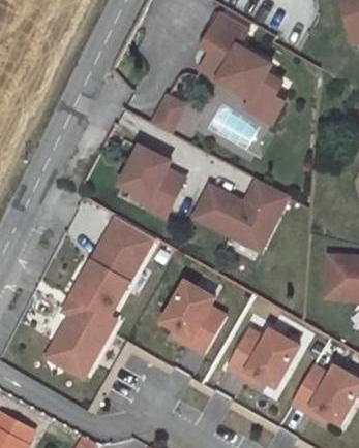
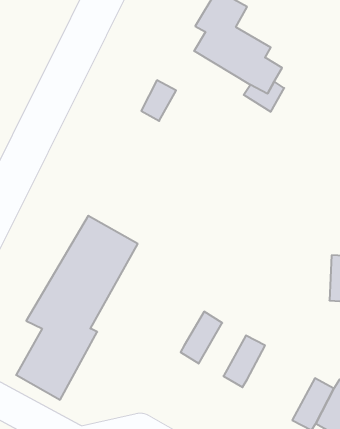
building: [121,145,183,216] -> none
building: [195,183,287,250] -> none
building: [164,282,216,338] -> none
building: [250,328,301,384] -> none

